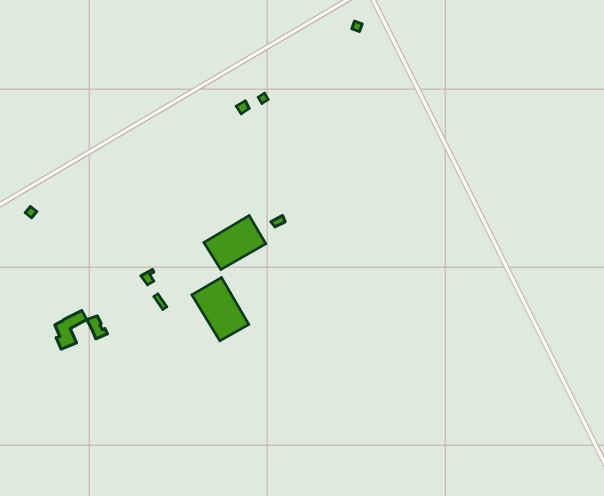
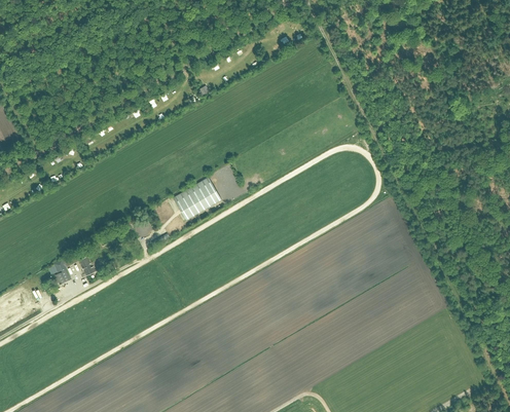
building: [192,277,249,341] -> none

